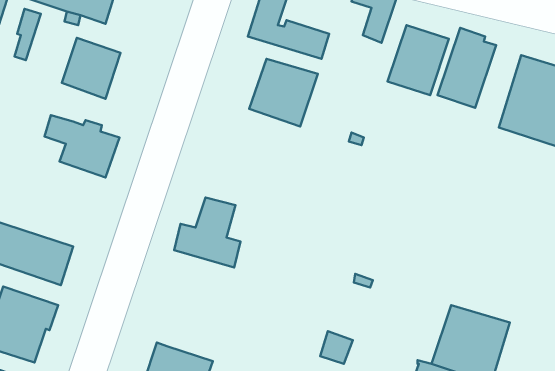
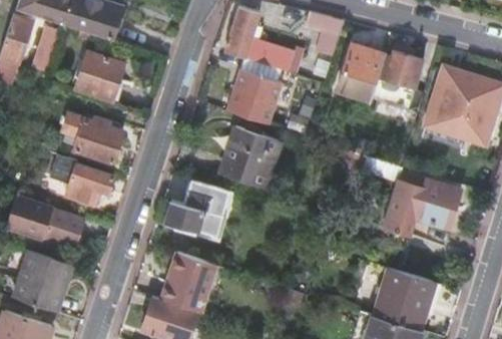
building: none -> [220,126,280,187]
building: none -> [65,163,113,204]
building: none -> [388,180,461,236]
building: none -> [160,252,217,313]

